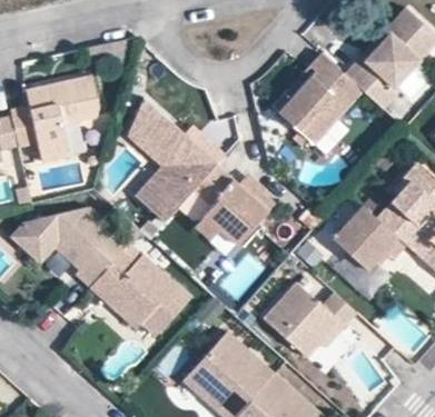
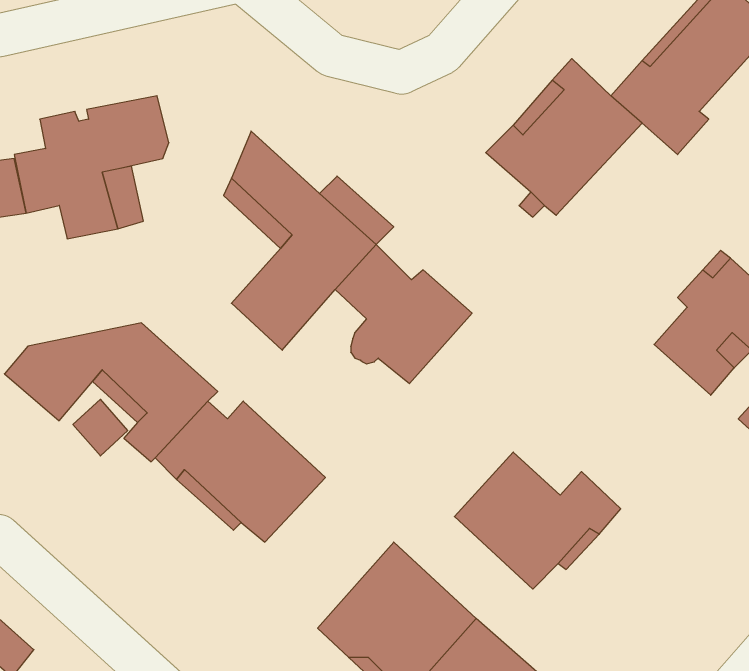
building: [328,206,403,271] -> none

